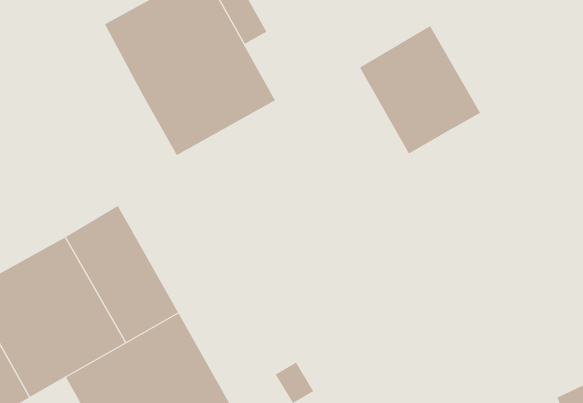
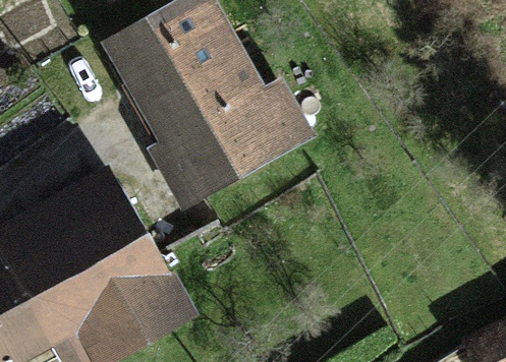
building: [359,25,481,155] -> none
building: none -> [164,79,305,197]

